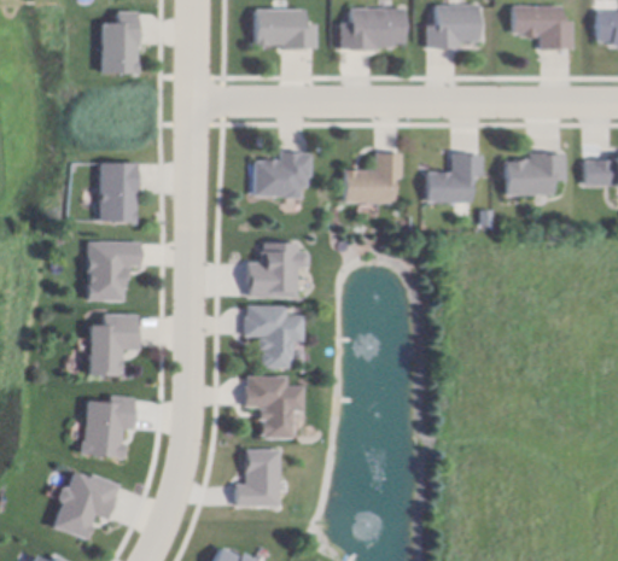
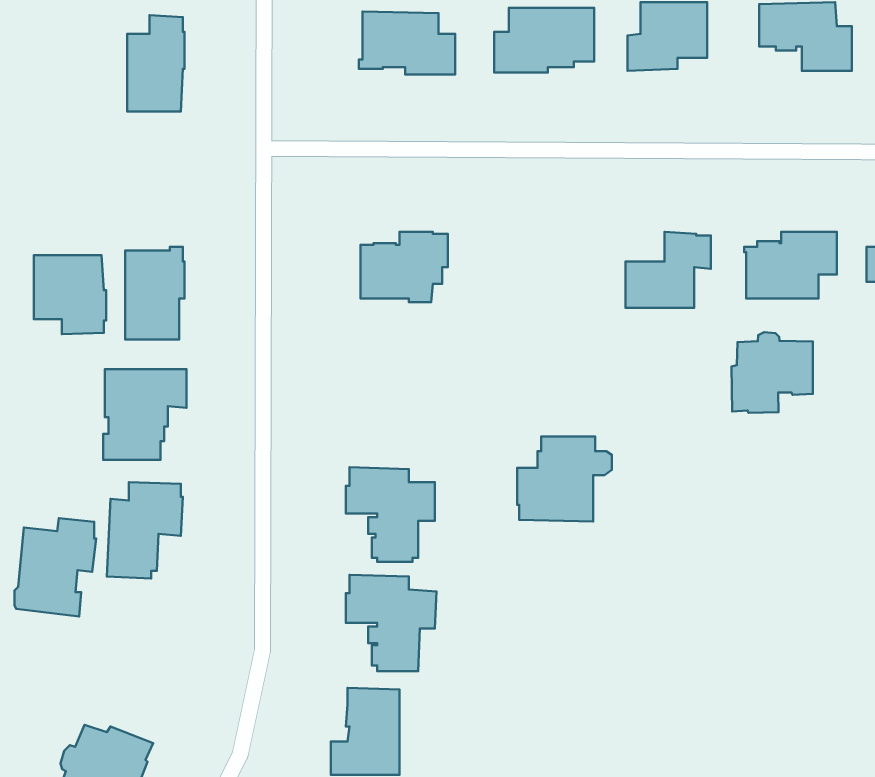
building: [344,152,401,201] -> none
building: none -> [34,255,106,334]
building: none -> [731,332,813,413]
building: [246,242,308,298] -> [517,436,612,522]
building: [81,395,134,458] -> [14,518,96,616]

